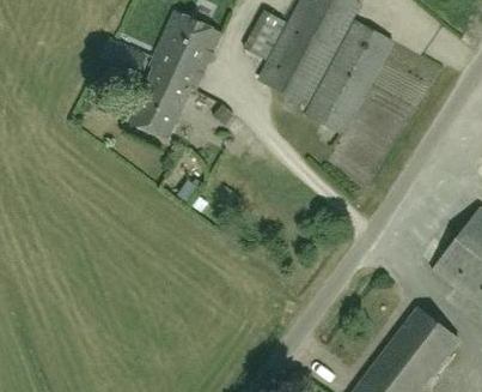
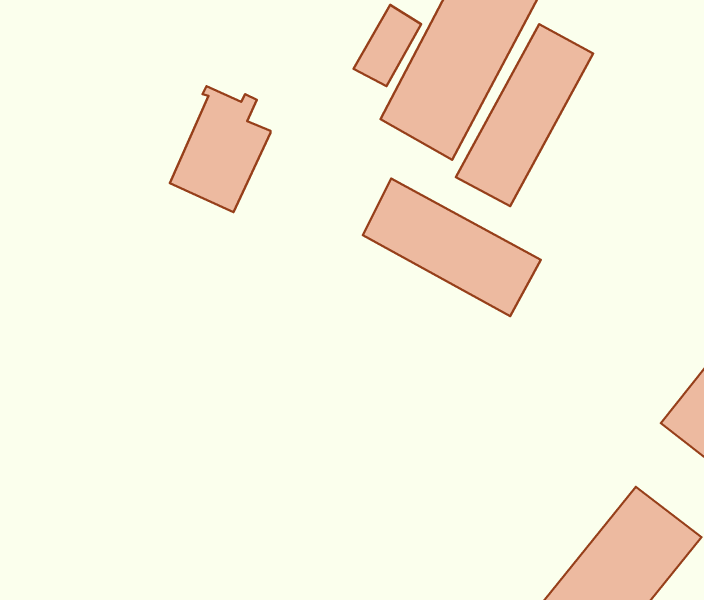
building: [152,12,221,91] -> none
building: none -> [363,178,541,316]

